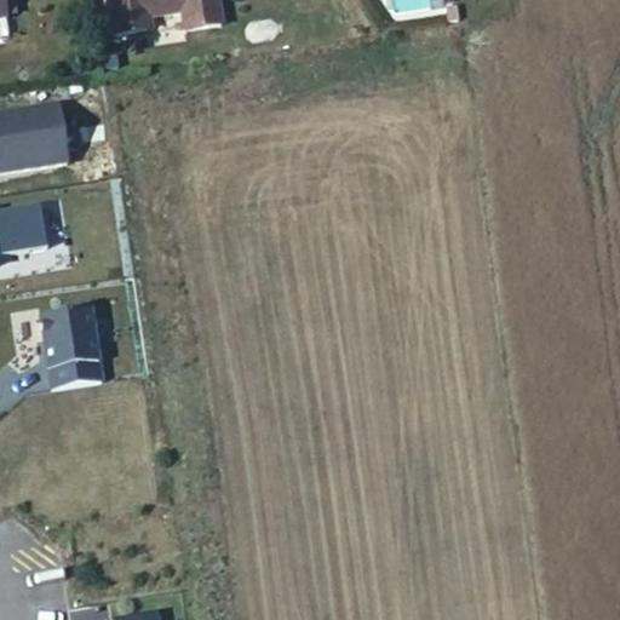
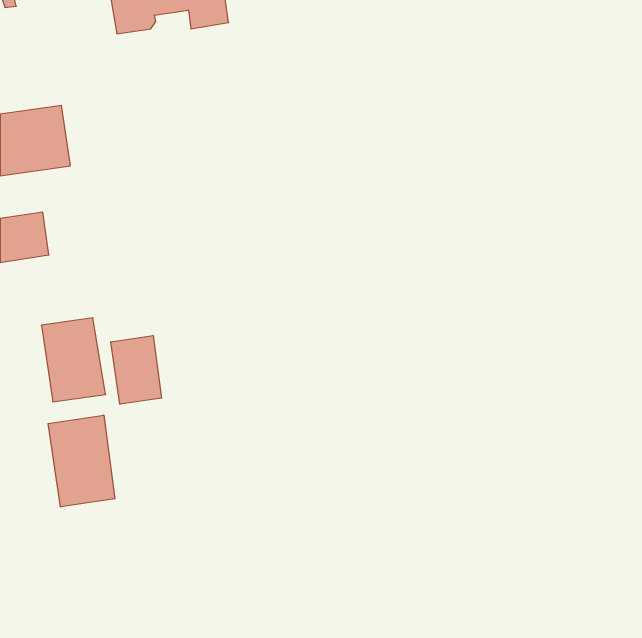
building: none -> [111,335,161,404]
building: none -> [48,415,115,507]

